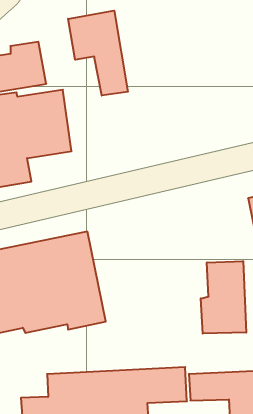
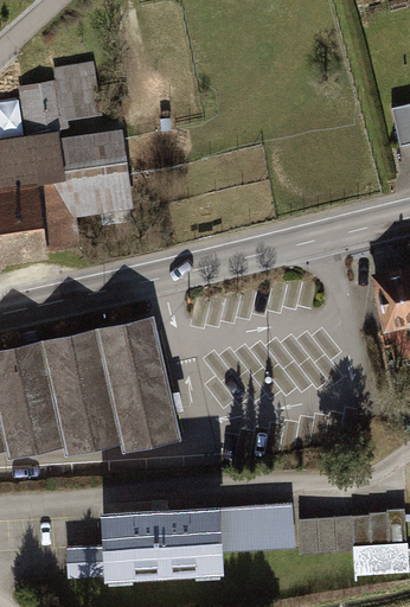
building: [68,11,128,96] -> none
building: [201,261,246,334] -> none

